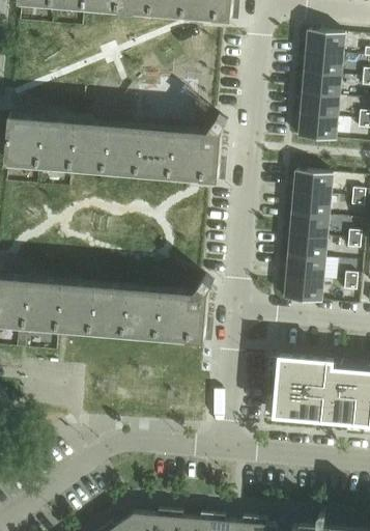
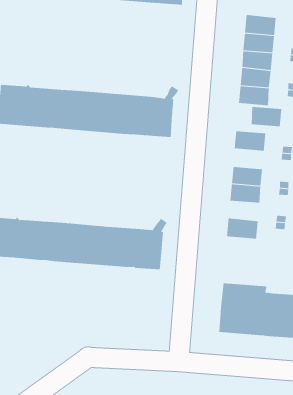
building: [291,195,330,220] -> [251,106,282,127]
building: [285,258,324,283] -> none

